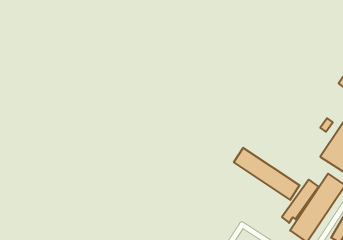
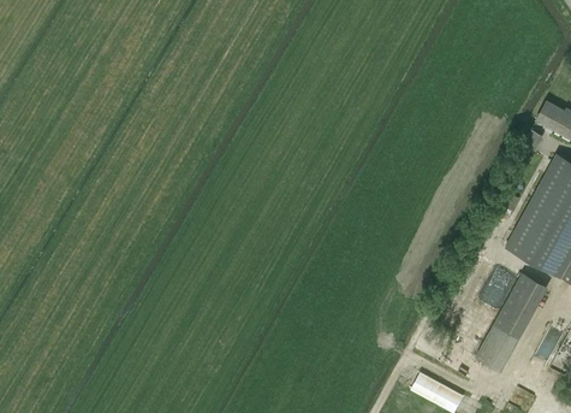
building: [234,148,300,200] -> none

